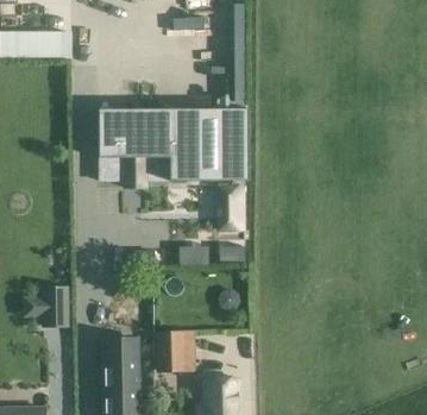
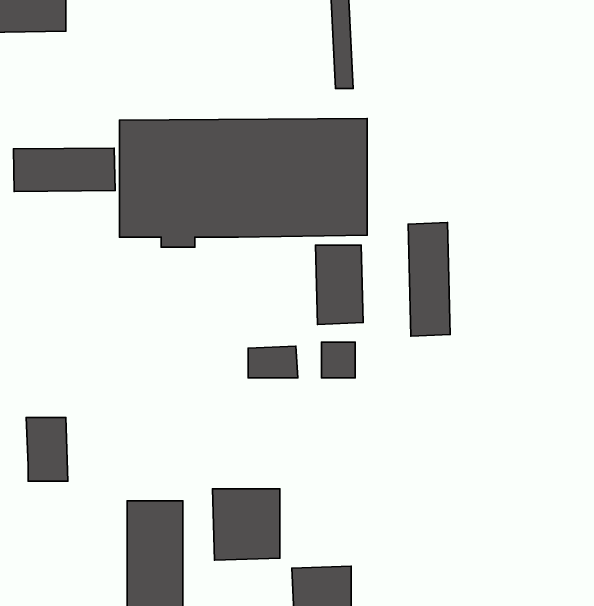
building: none -> [13,148,115,191]
building: none -> [408,222,450,336]

